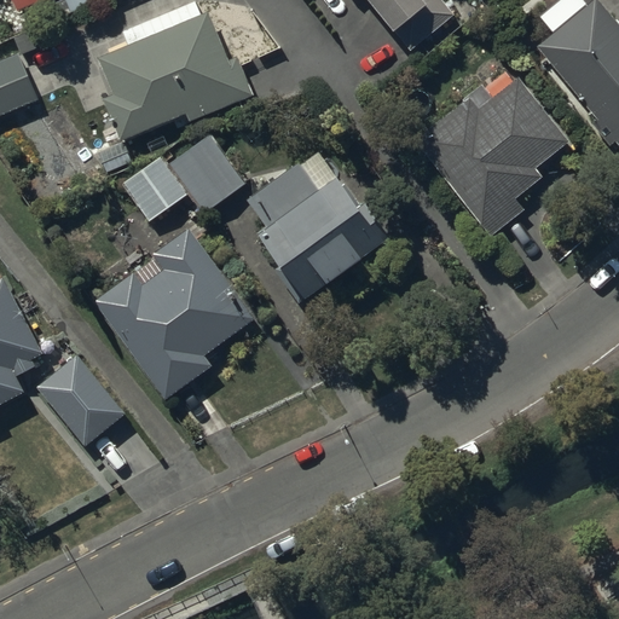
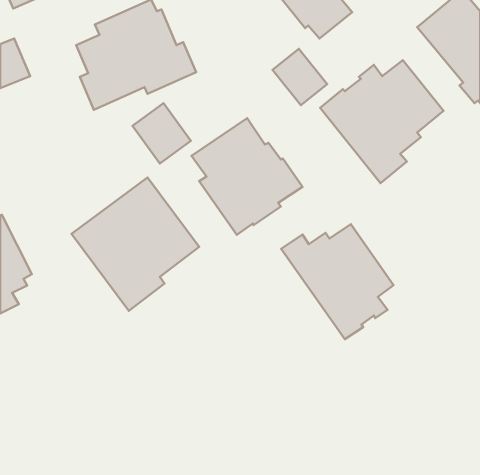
building: none -> [272,49,327,105]
building: [121,154,187,220] -> none
building: none -> [281,224,394,339]
building: [35,354,126,447] -> none

